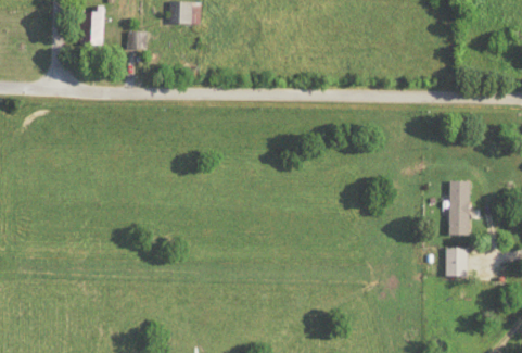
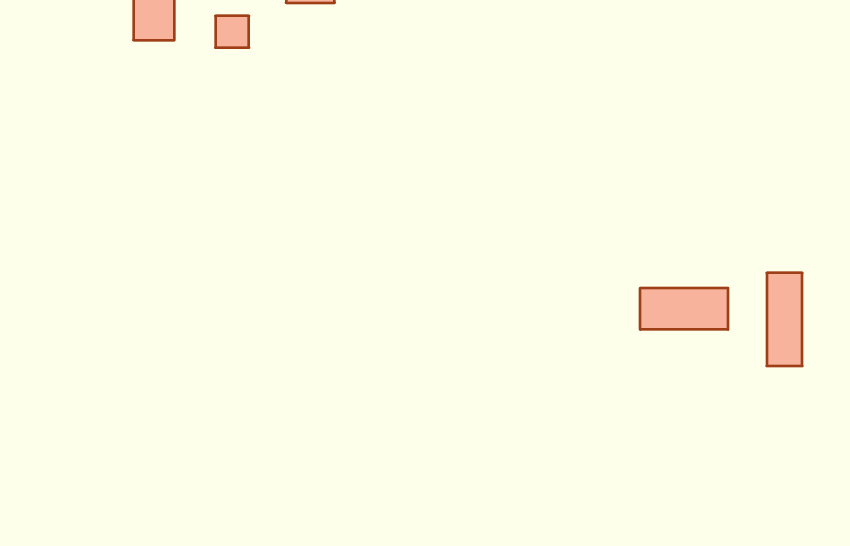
building: none -> [640,288,728,330]
building: [446,248,468,276] -> none

